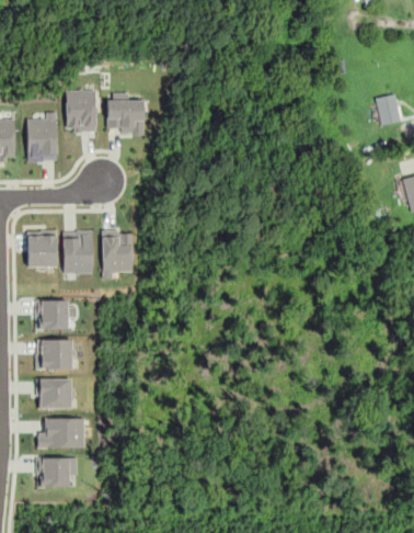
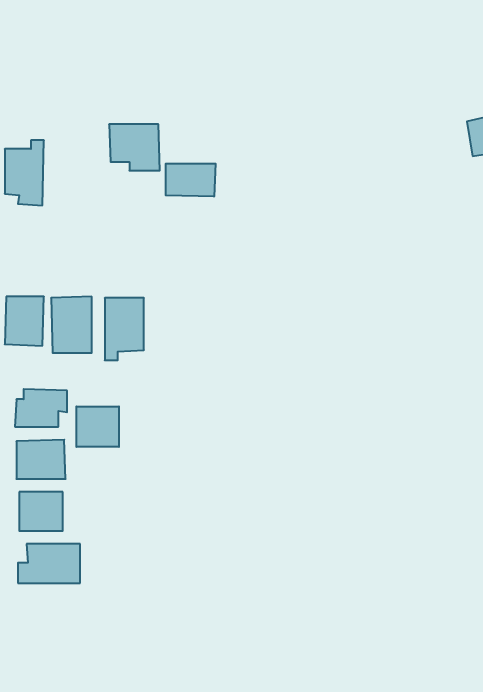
building: [67,90,96,132] -> none
building: none -> [166,164,216,197]
building: none -> [76,406,119,447]
building: [38,457,78,487] -> none

